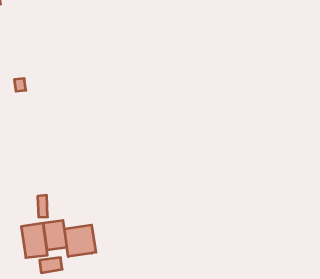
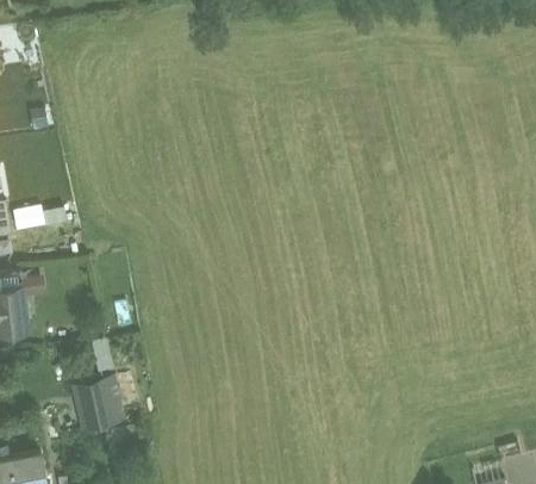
building: [65,225,96,257] -> none

